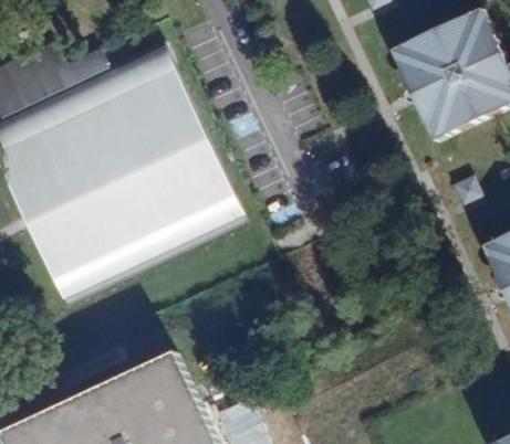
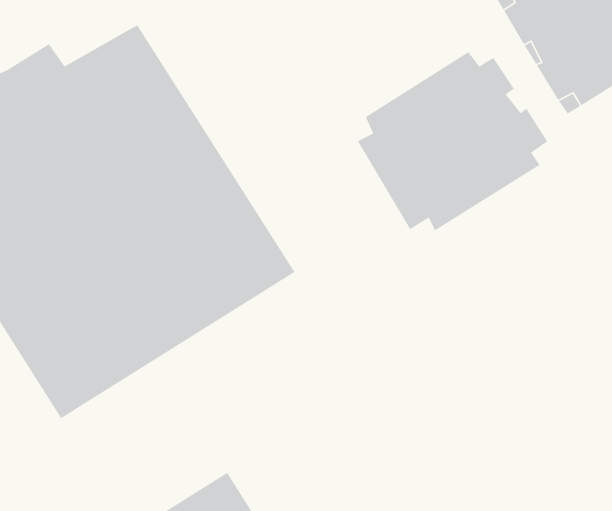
building: none -> [357,51,548,232]

